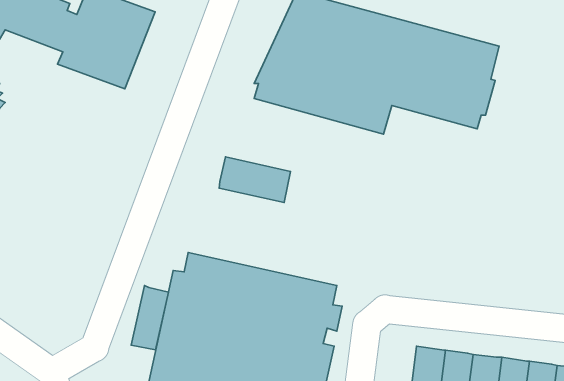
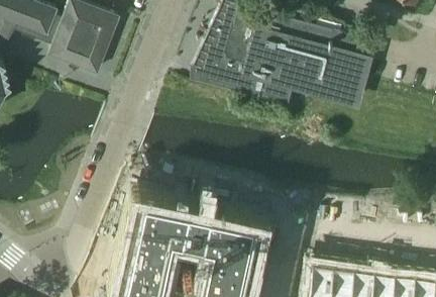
building: [219,157,290,203] -> none
building: [131,286,168,350] -> none

